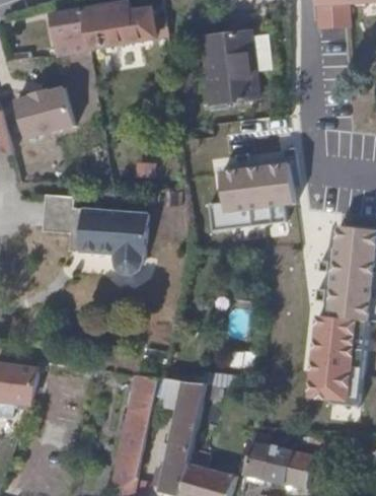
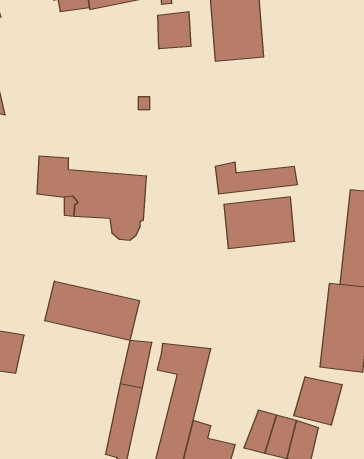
building: none -> [158,12,191,49]
building: [11,85,75,140] -> none
building: [227,160,295,210] -> [224,197,295,249]
building: none -> [45,281,139,340]
building: none -> [294,377,342,425]

